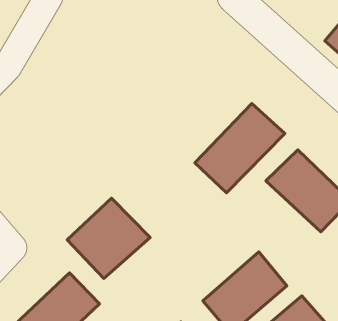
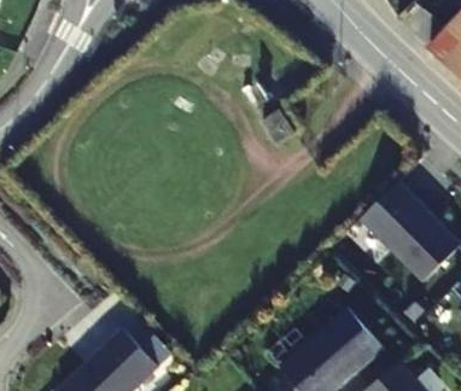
building: [195,103,285,193] -> none
building: [67,198,150,279] -> none

